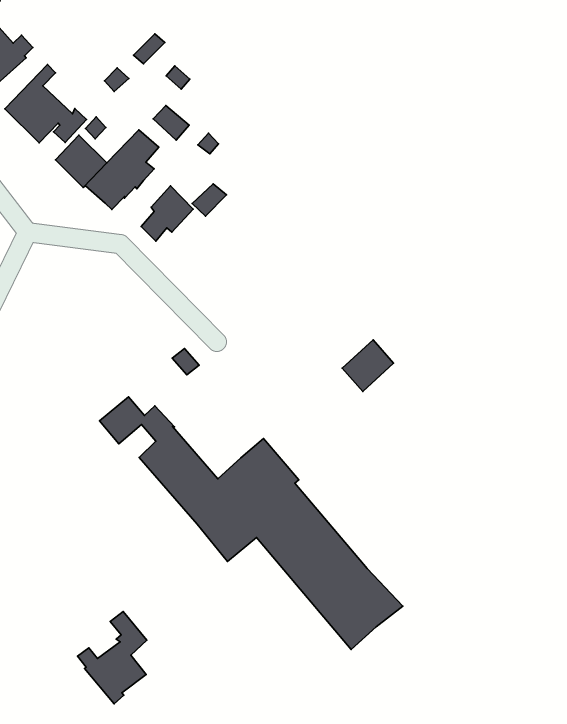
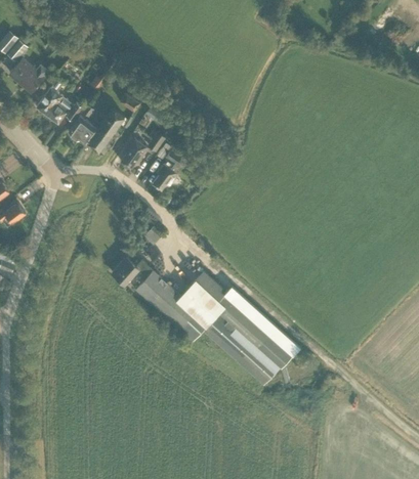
building: none -> [152,149,186,190]
building: [342,340,393,391] -> none
building: [77,612,147,704] -> none

